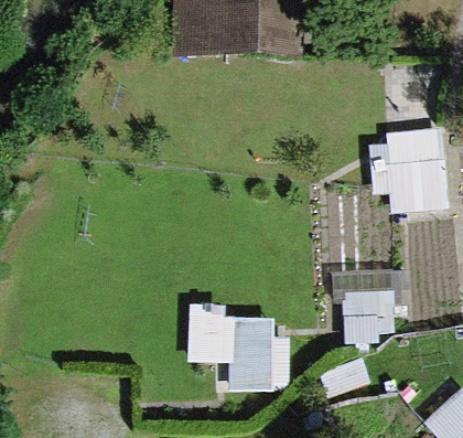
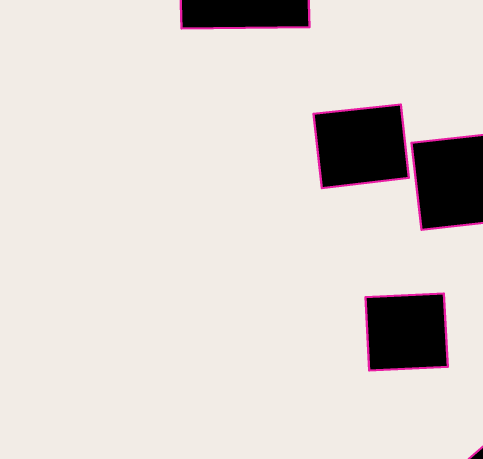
building: none -> [313,105,409,188]
building: [189,312,286,392] -> none

